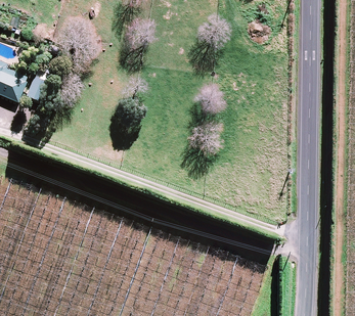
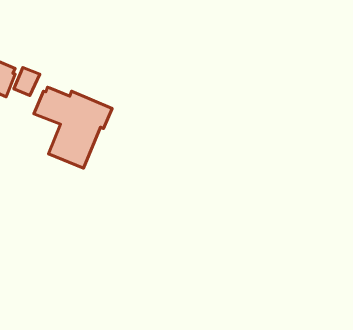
building: none -> [34,87,112,168]

